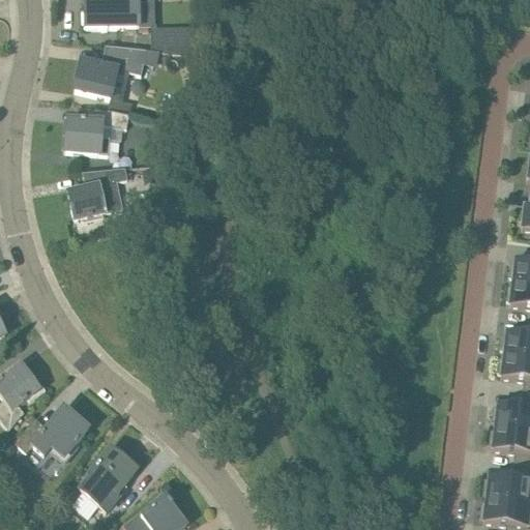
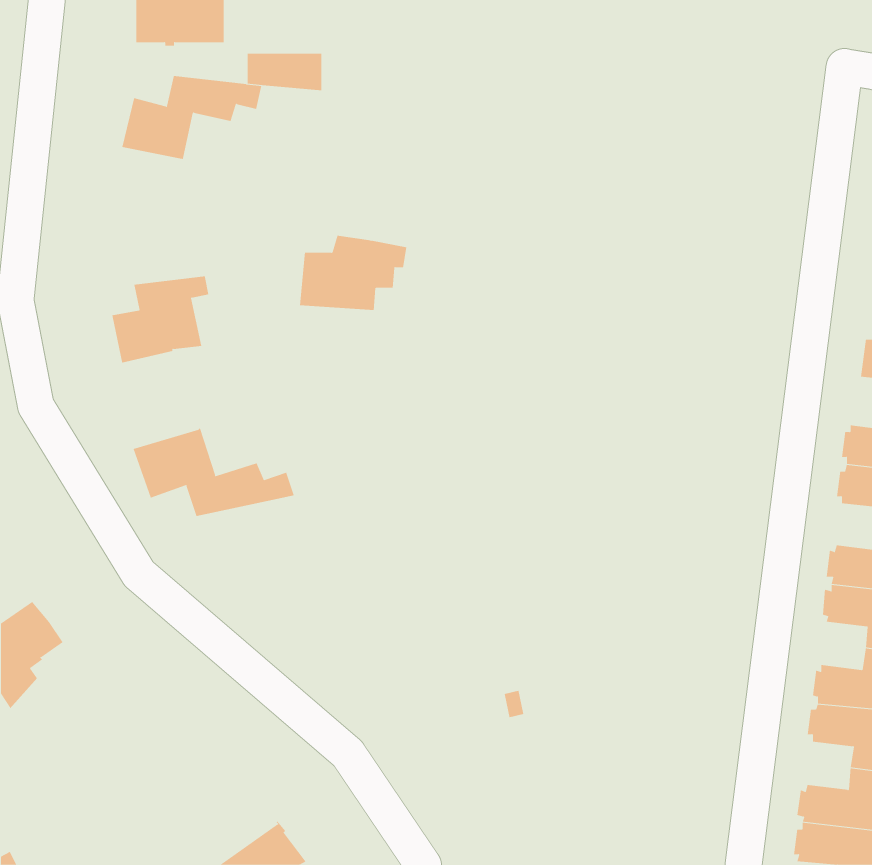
building: [65,108,130,153] -> [299,235,407,311]
building: none -> [133,427,294,517]
building: [16,406,89,457] -> none
building: [80,447,137,511] -> none

